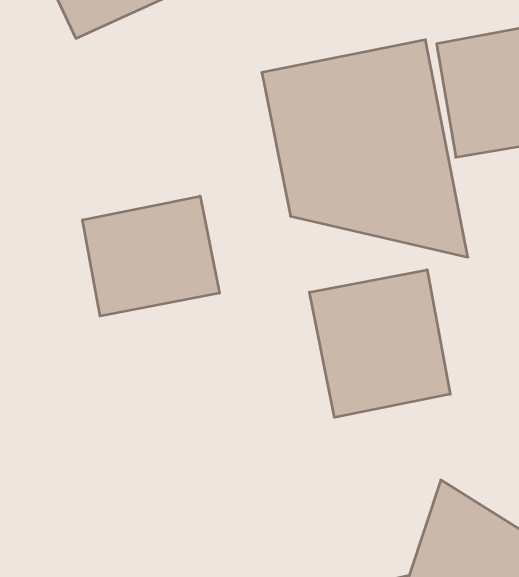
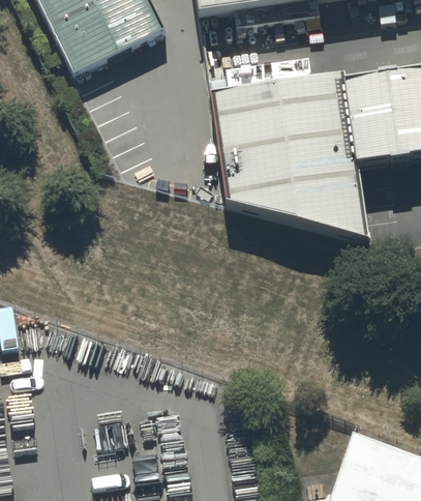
building: [83,196,219,316] -> none
building: [309,270,450,417] -> none

